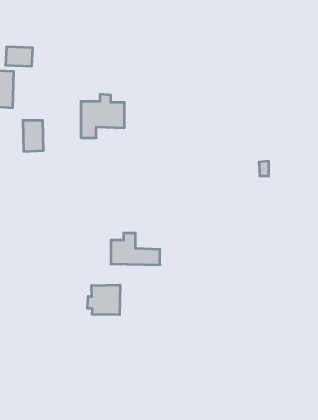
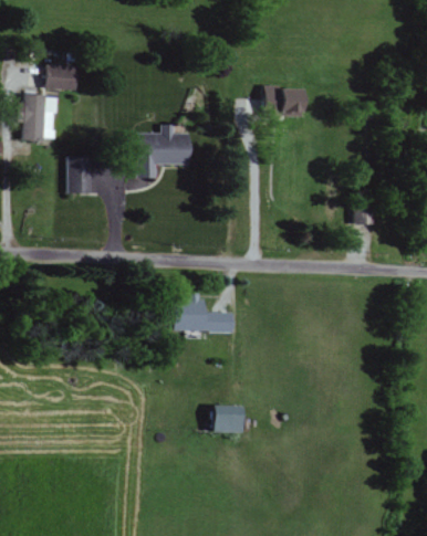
building: none -> [265,86,304,114]
building: [87,285,120,315] -> none
building: none -> [213,406,243,433]

